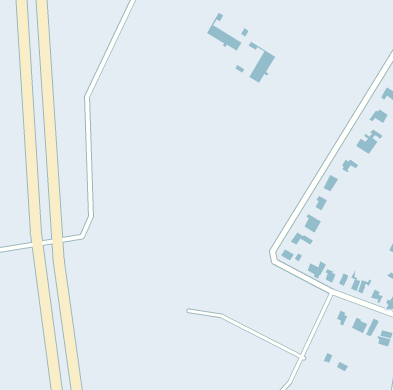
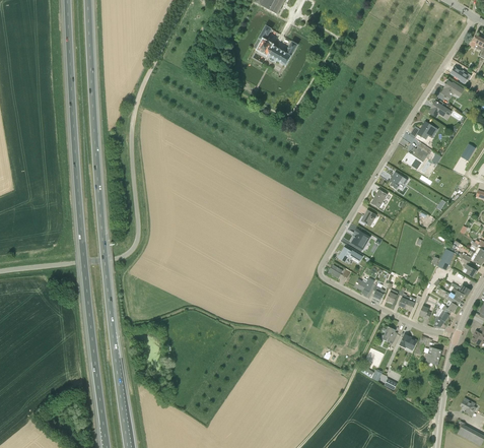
building: [235,41,276,84] -> none

